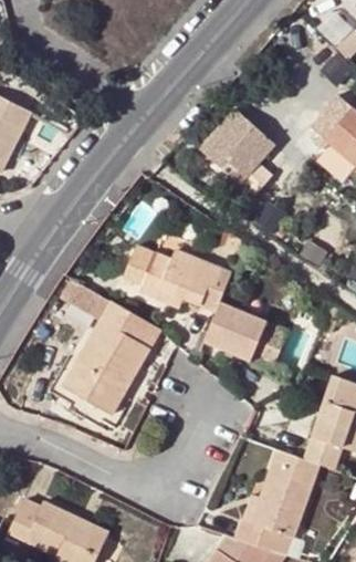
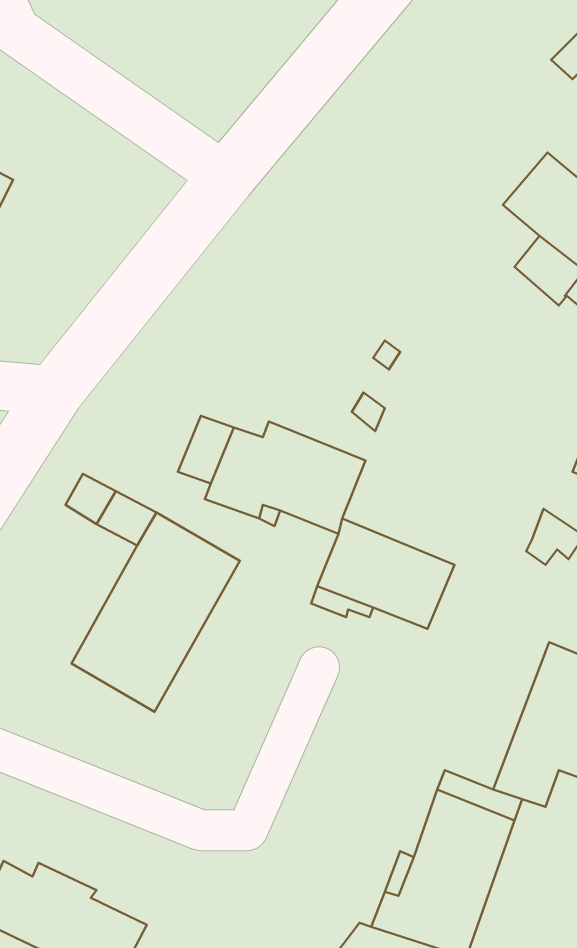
building: [199,110,276,199] -> none

